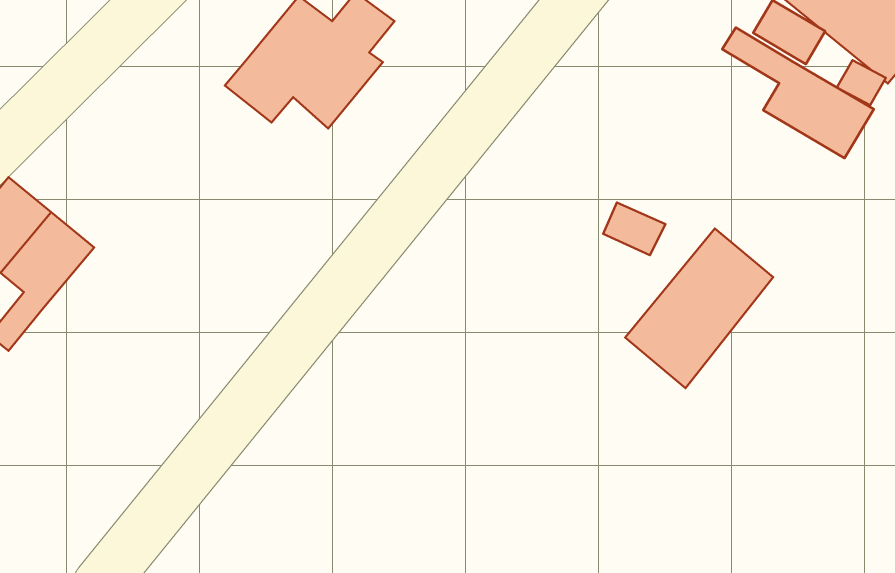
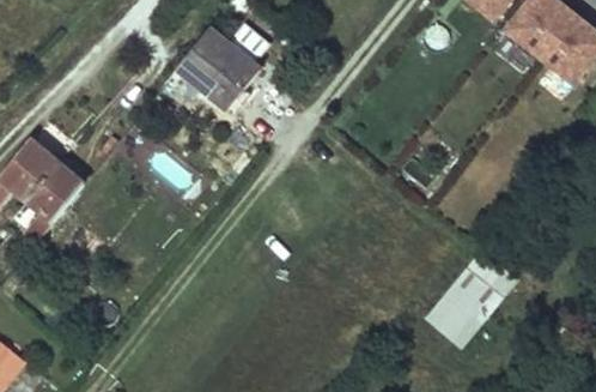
building: [722,27,874,158] -> none
building: [625,228,773,388] -> [425,251,516,349]

